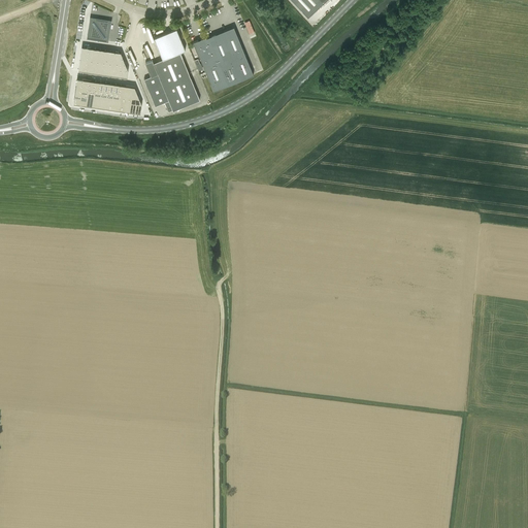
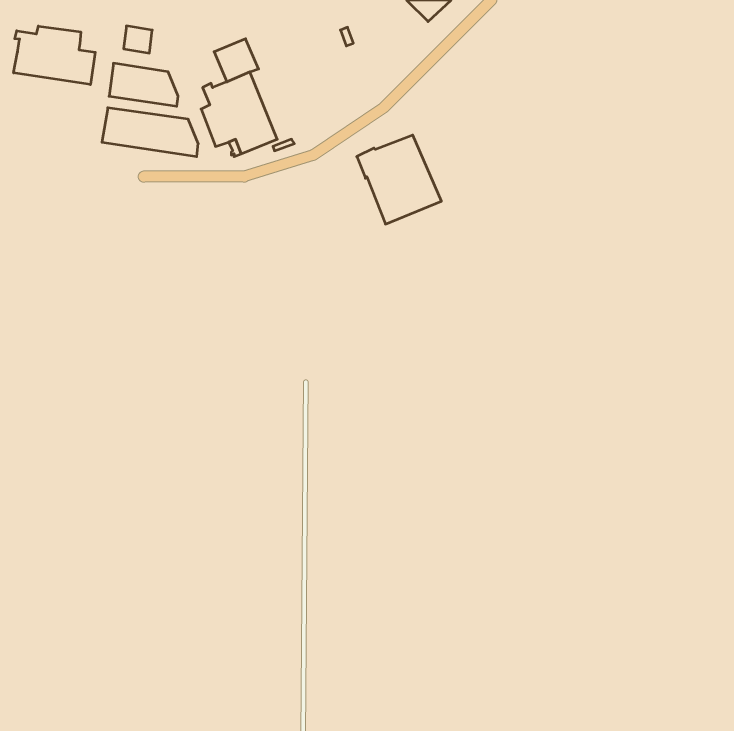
building: none -> [14,26,95,85]
building: [193,29,254,93] -> [357,135,441,224]

